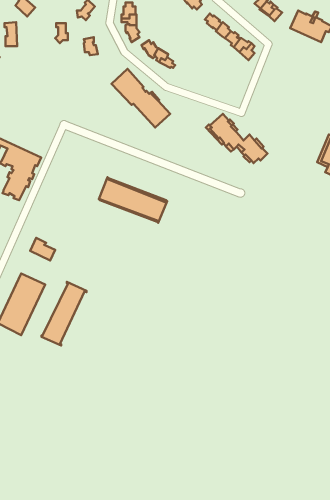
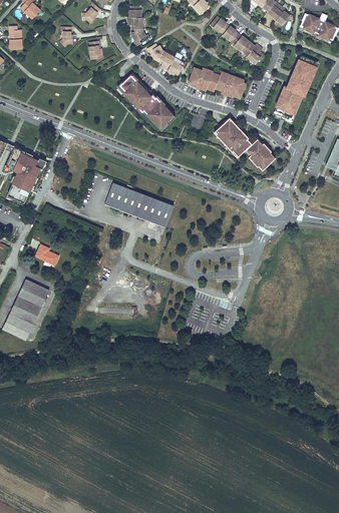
building: none -> [272,54,320,124]
building: none -> [189,67,245,97]
building: [42,282,86,346] -> none

